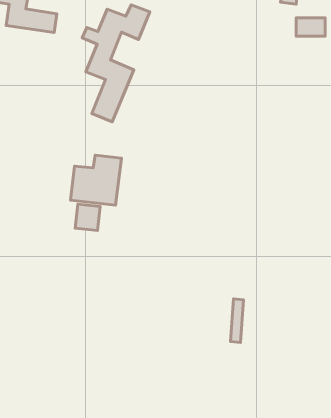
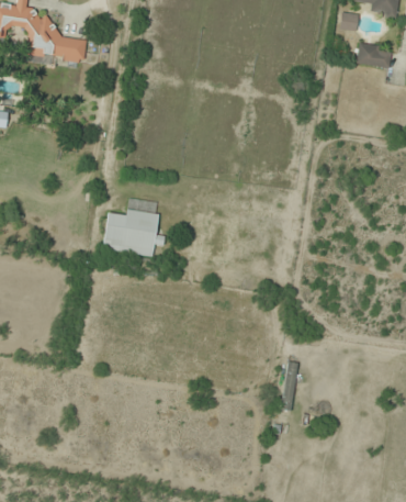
building: [82,5,150,122] -> none
building: [75,204,100,231] -> none

